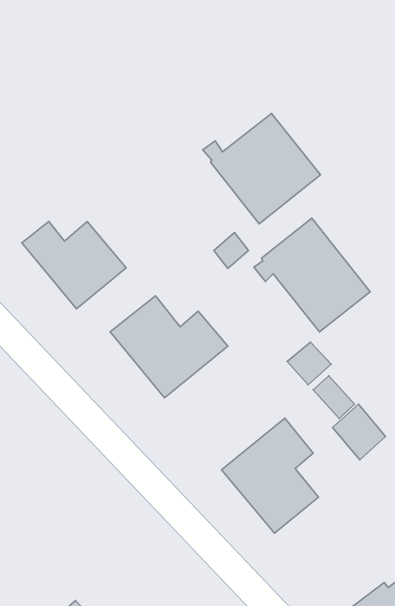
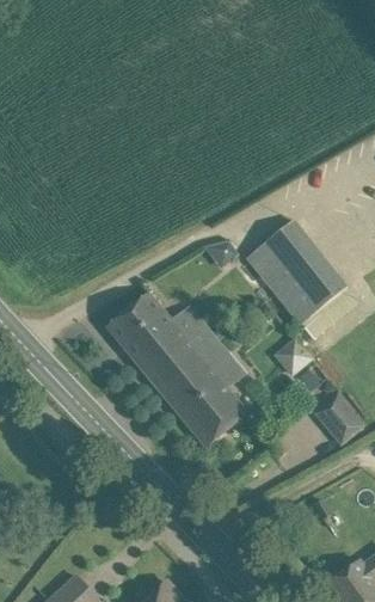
building: [203,113,320,224] -> none
building: [22,221,126,309] -> none
building: [221,418,318,533] -> [158,339,247,446]

